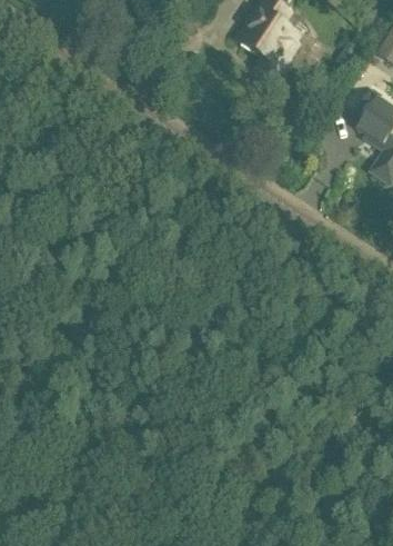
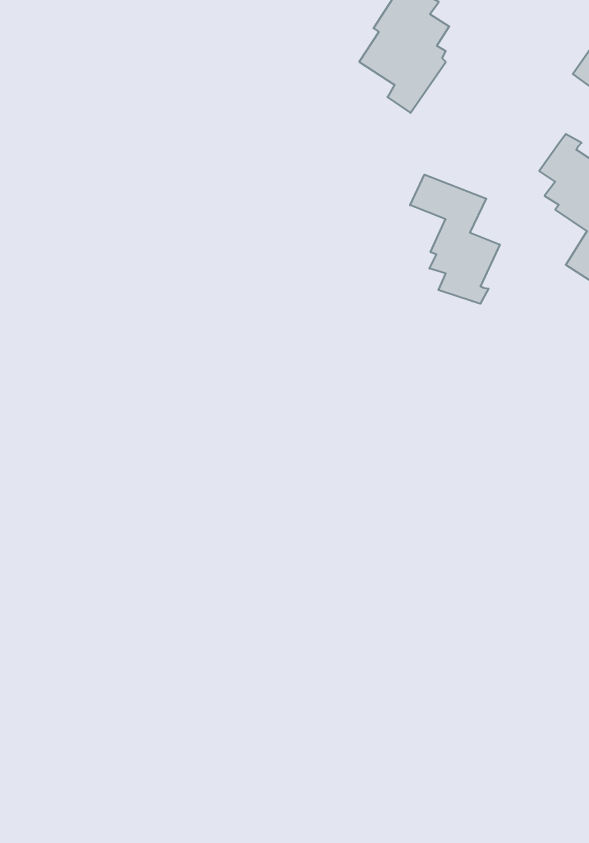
building: none -> [410,175,500,304]

